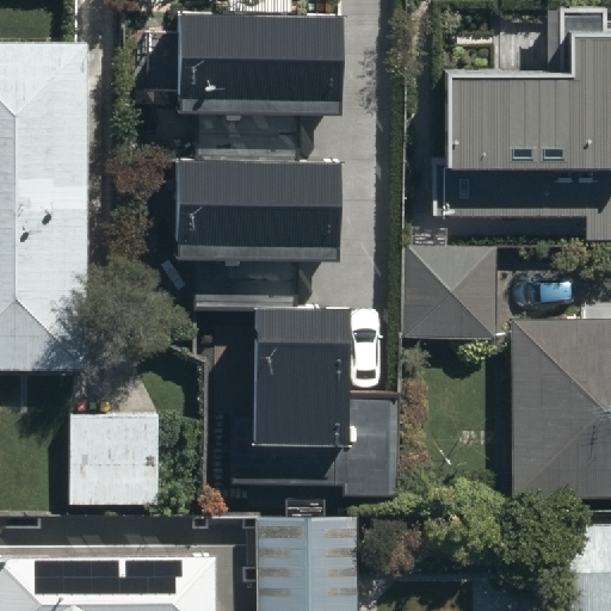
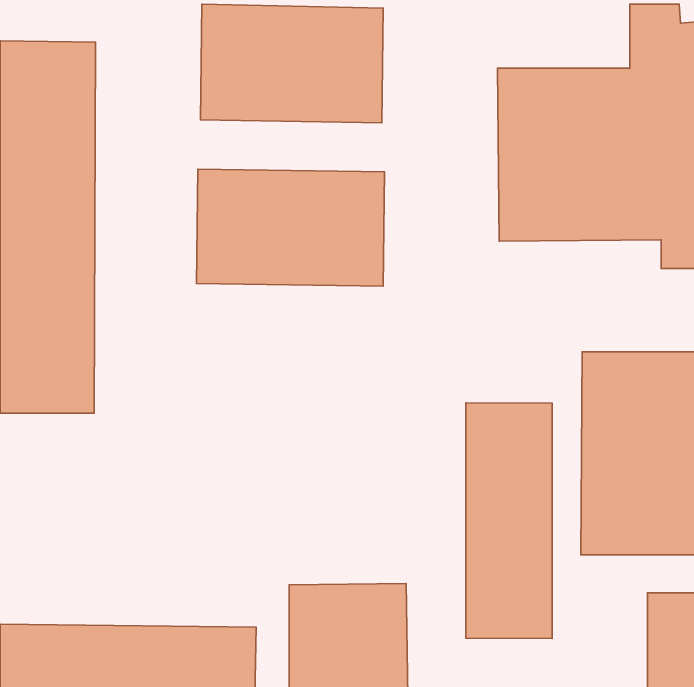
building: [405,248,494,340] -> none
building: [253,303,348,440] -> none
building: none -> [466,403,552,639]
building: [69,418,159,510] -> none

